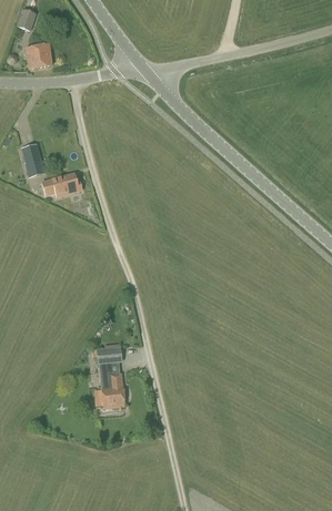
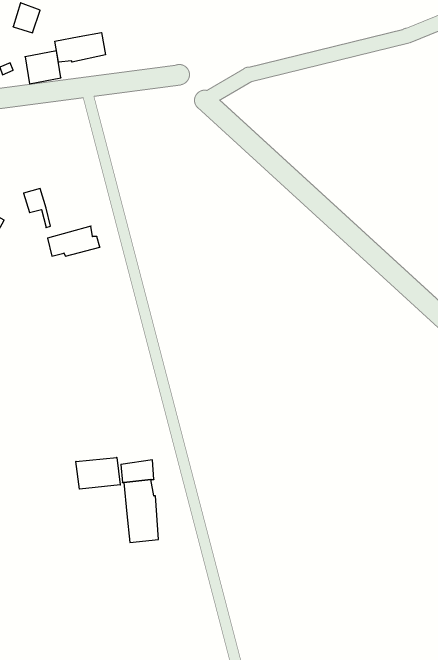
building: none -> [55,33,105,62]
building: none -> [76,457,120,489]

